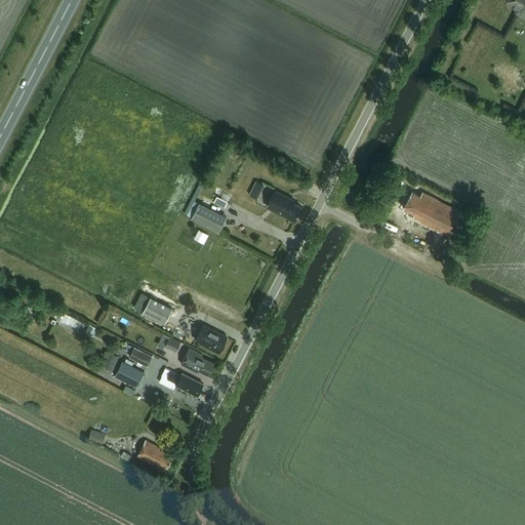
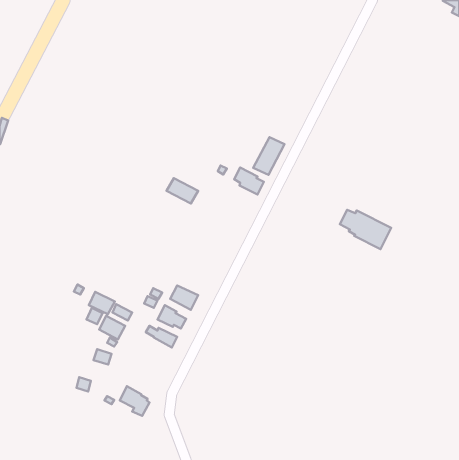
building: none -> [253,137,284,175]
building: [402,192,460,237] -> [340,210,391,249]
building: [142,297,171,323] -> [89,292,115,314]

